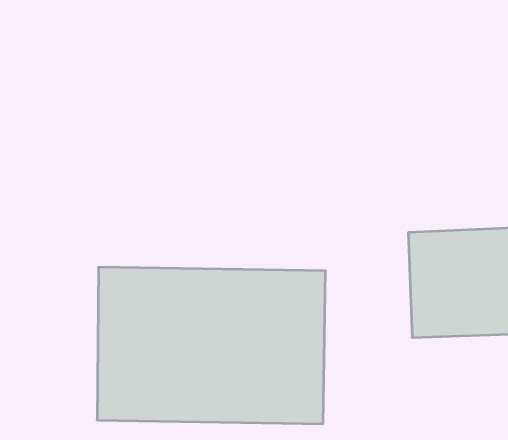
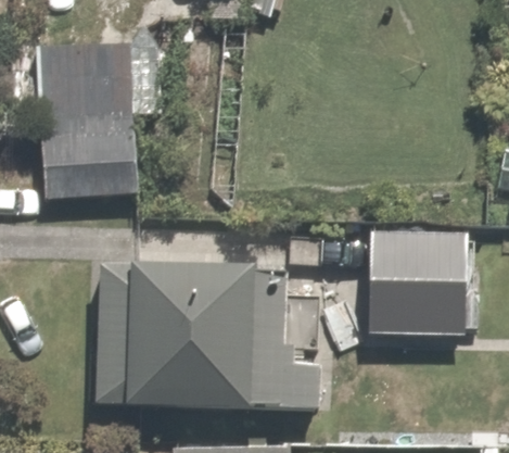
building: none -> [43,47,130,185]

